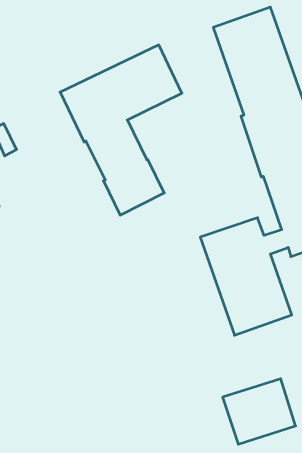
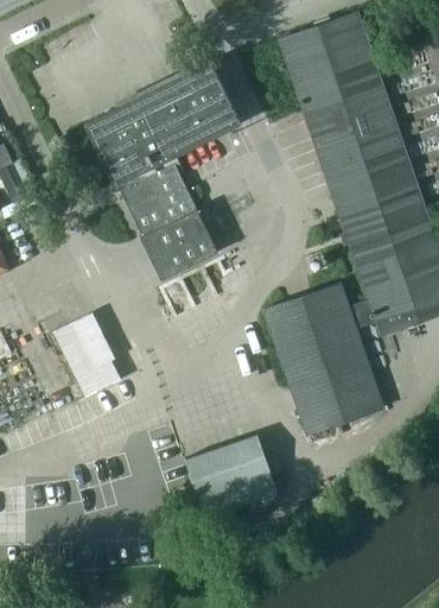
building: none -> [52,315,121,398]
building: [223,379,296,444] -> [184,435,278,519]

